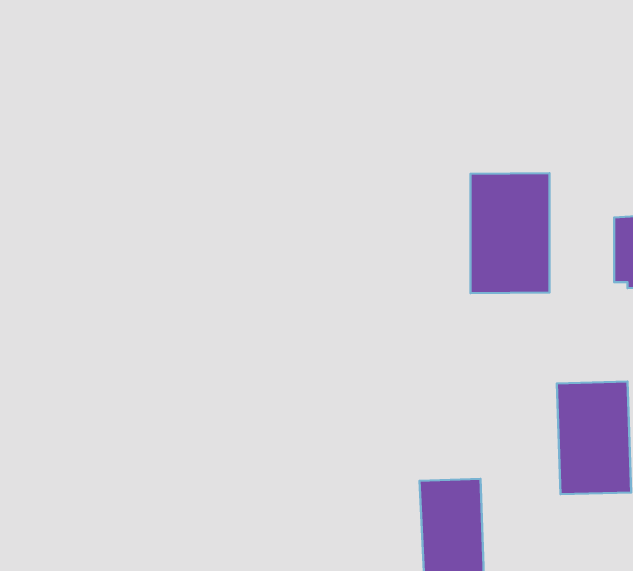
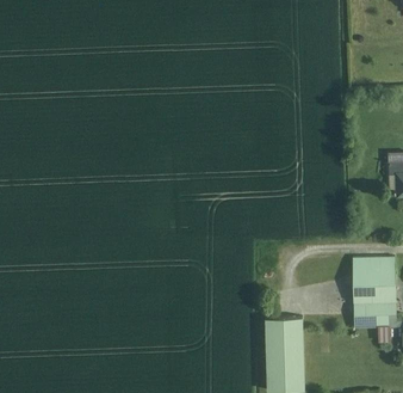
building: [471,173,550,293] -> none

